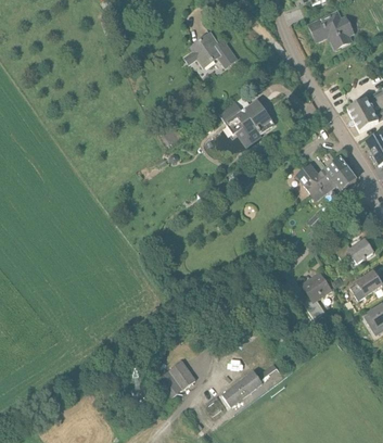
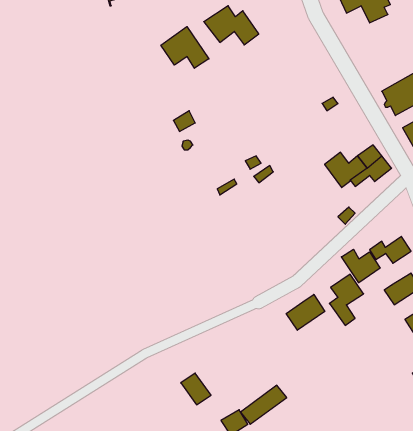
building: none -> [161,27,209,68]
building: [218,101,273,132] -> none
building: none -> [341,249,380,283]
building: none -> [286,294,325,330]

